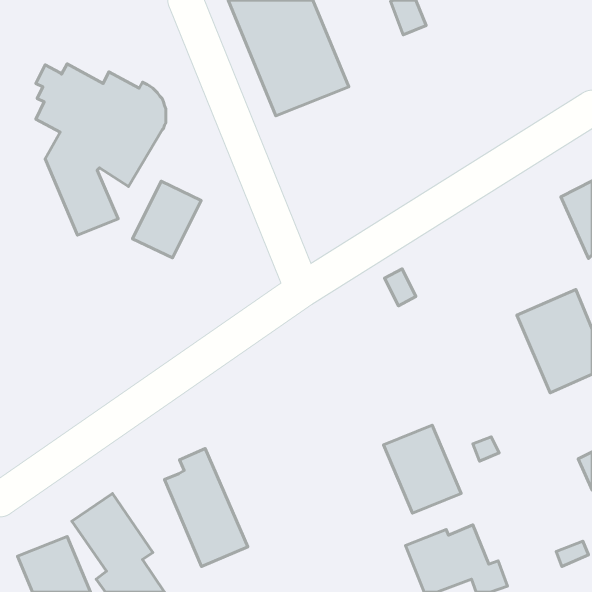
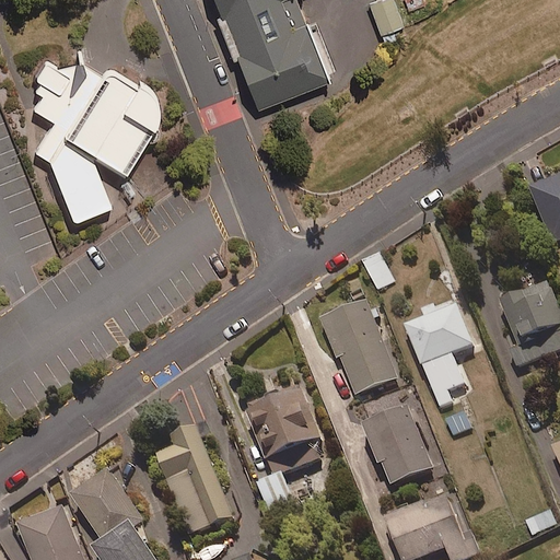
building: [132,181,201,258] -> none
building: none -> [316,296,398,394]
building: none -> [405,301,475,409]
building: none -> [243,385,326,511]

